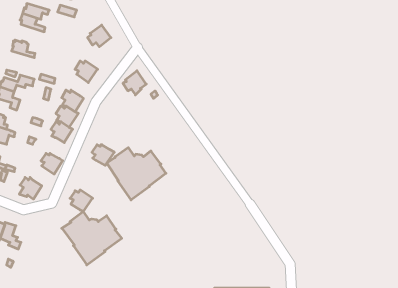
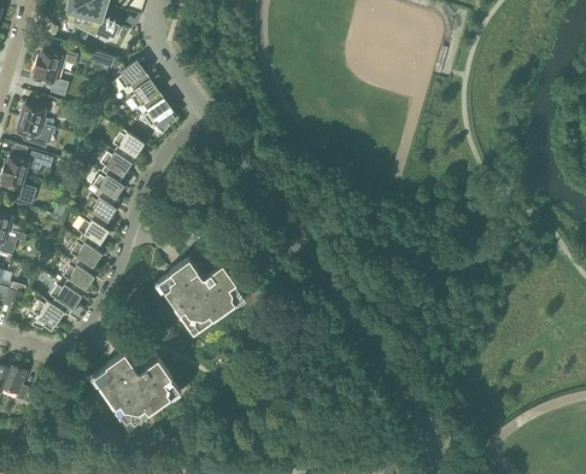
building: none -> [117,62,151,93]
building: none -> [14,118,54,148]
building: [123,71,146,95] -> [143,99,177,134]
building: none -> [100,152,131,183]
building: [92,145,114,165] -> [70,244,102,274]
building: [70,190,93,212] -> [49,285,82,316]

